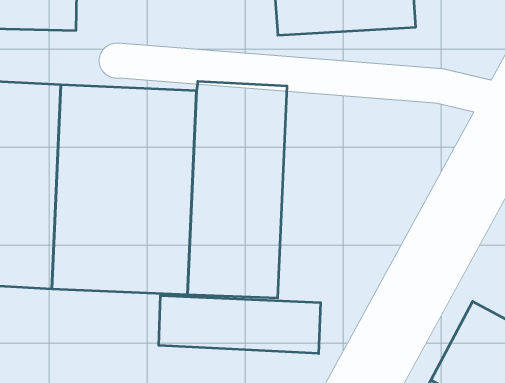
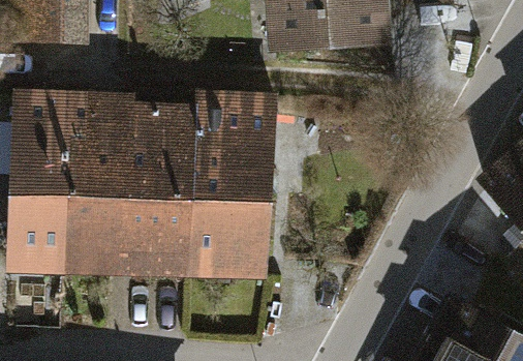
building: [159,295,321,354] -> none

